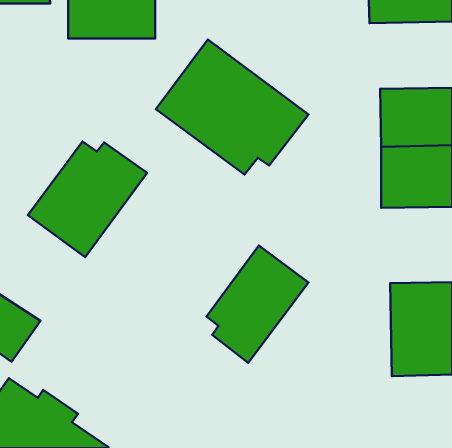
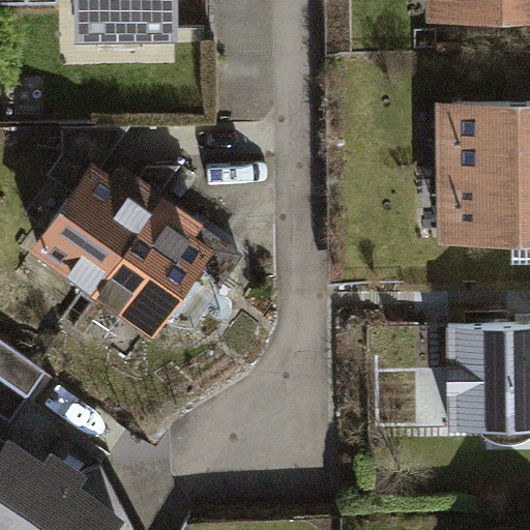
building: [156,39,309,174] -> none
building: none -> [98,200,243,342]
building: [207,245,308,363] -> none

